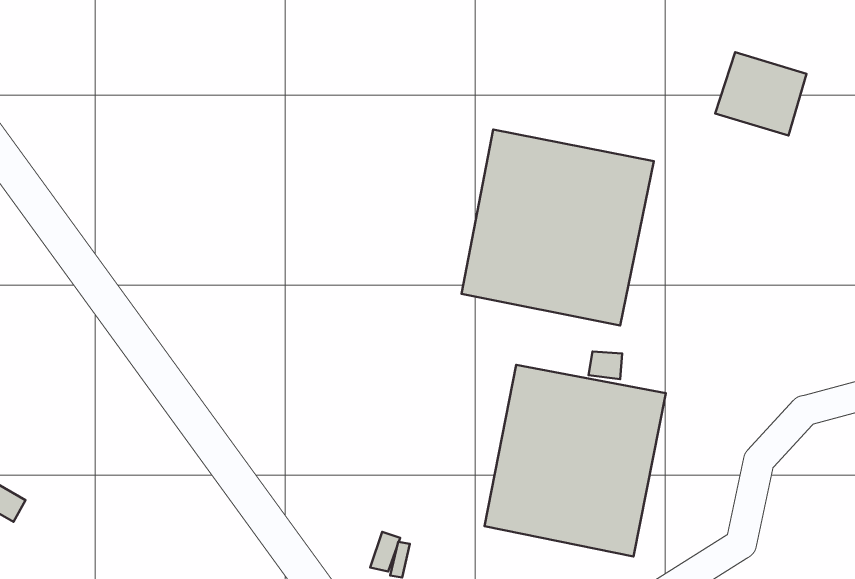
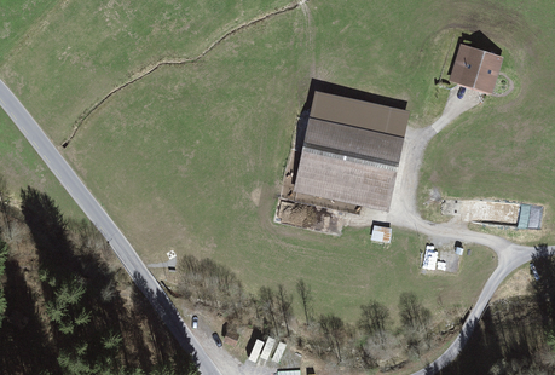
building: [485,365,666,556] -> none

